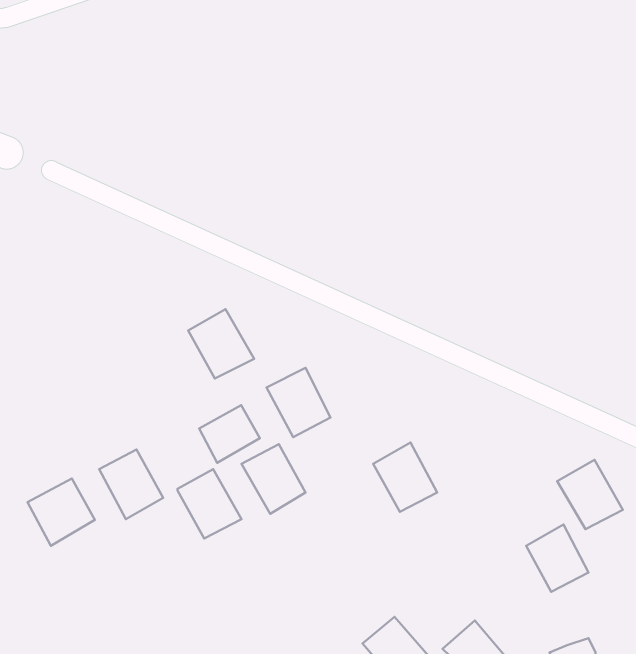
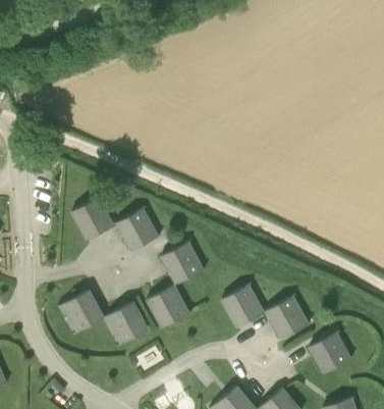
building: none -> [74,198,111,238]
building: [199,405,260,463] -> none
building: [557,460,623,529] -> [268,297,306,337]
building: [27,478,95,546] -> none

